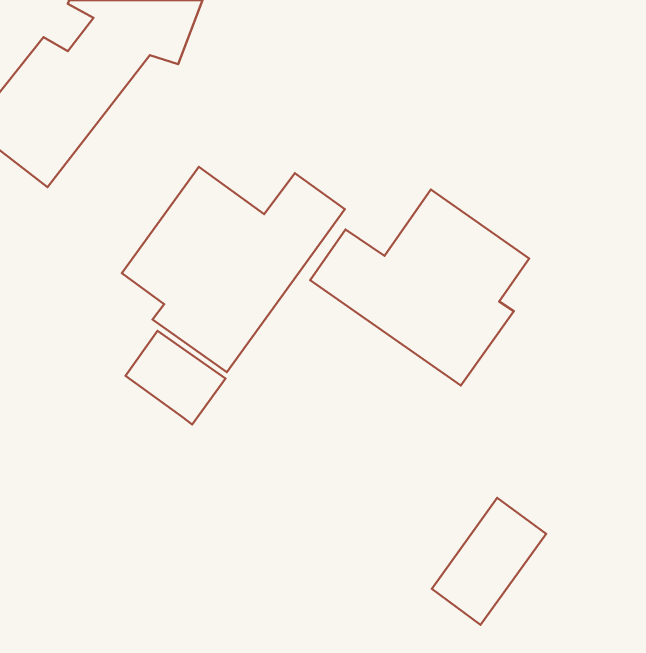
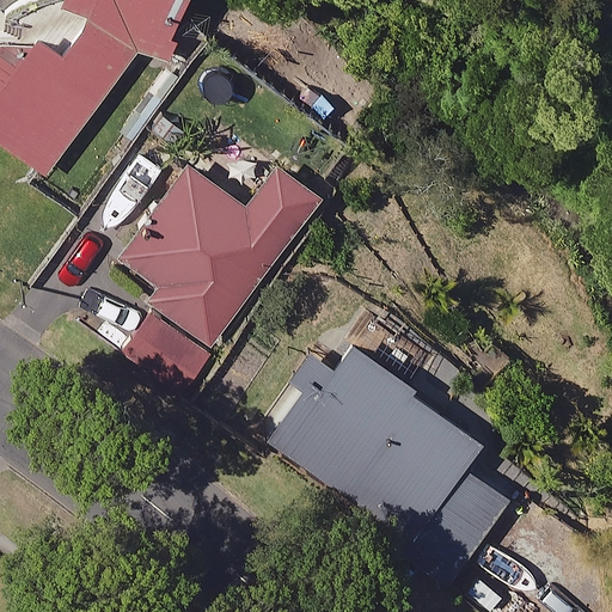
building: [310,189,529,385] -> none
building: none -> [263,341,476,538]

